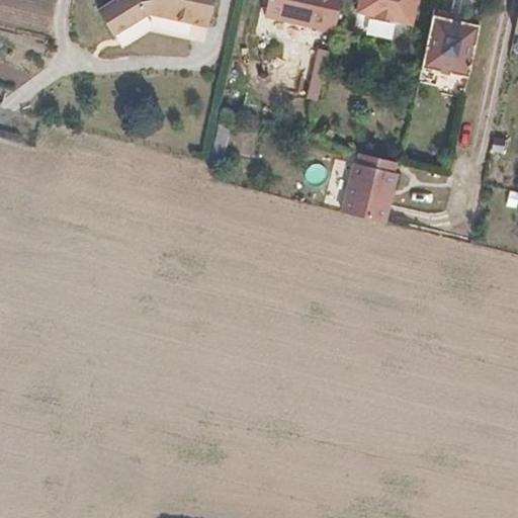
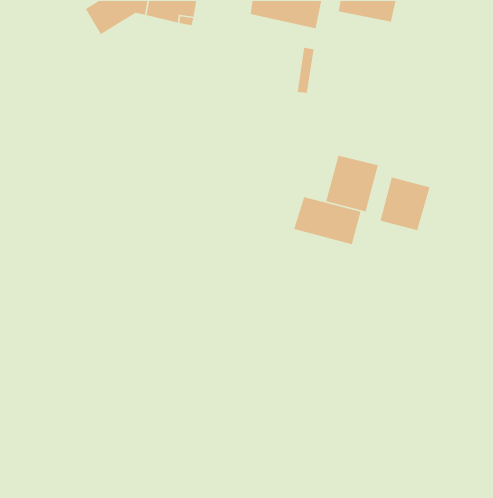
building: [422,15,479,77] -> none
building: none -> [379,177,430,231]
building: none -> [293,196,362,245]

